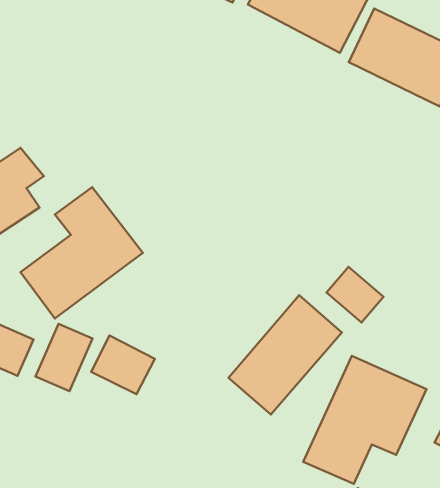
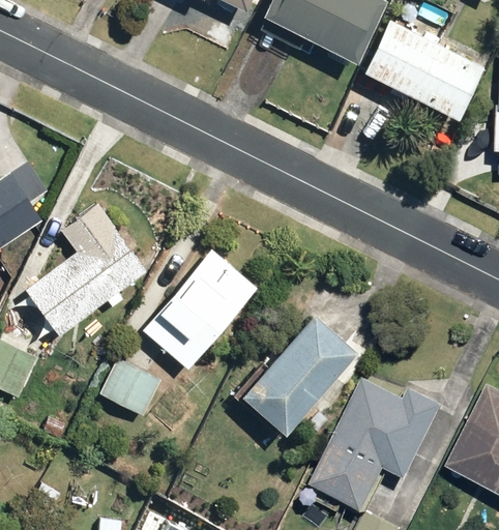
building: none -> [142,251,256,367]
building: [326,267,383,323] -> none
building: [35,324,93,391] -> none

